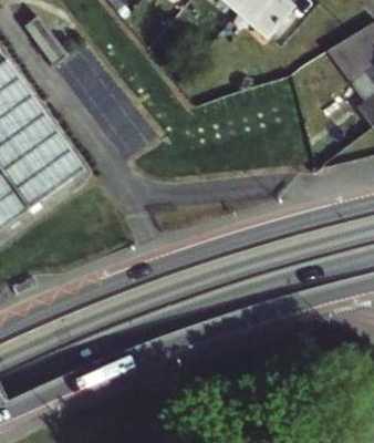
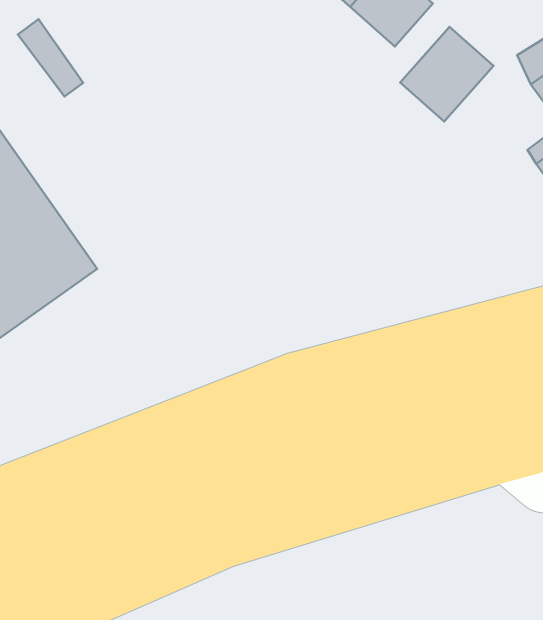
building: none -> [400,27,493,122]

